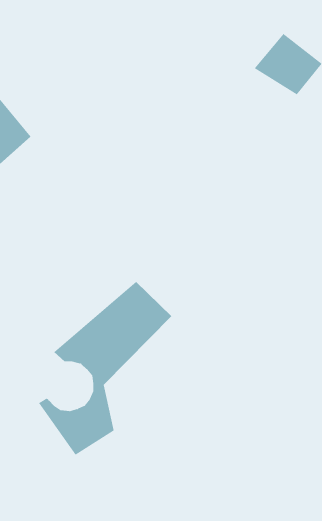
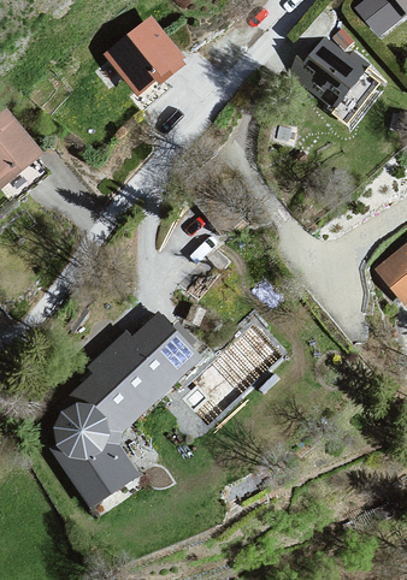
building: none -> [105,14,187,97]
building: none -> [57,402,111,456]

